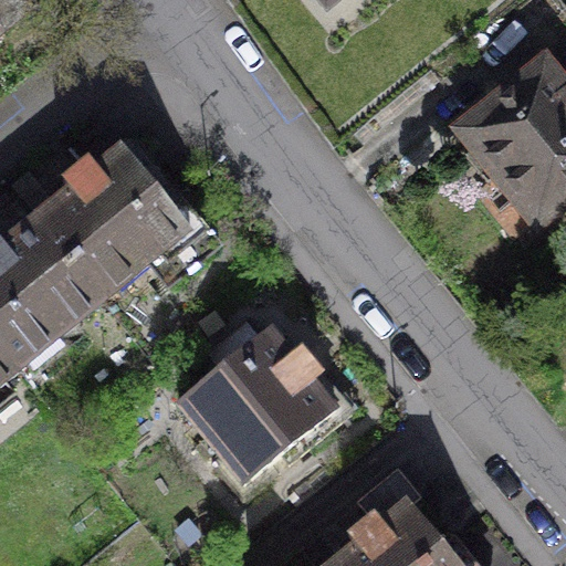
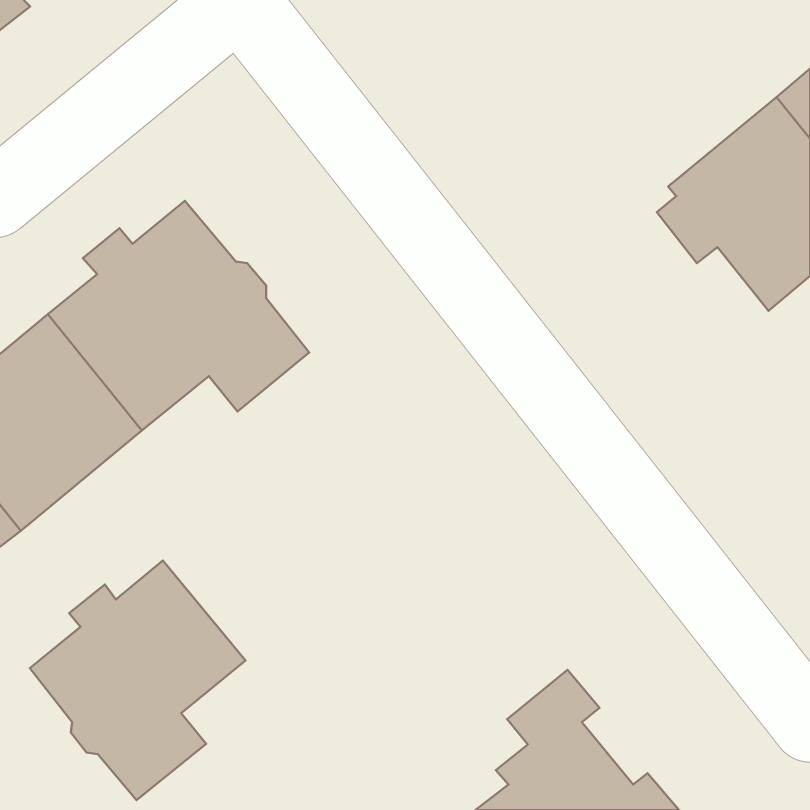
building: [174,328,349,483] -> none
building: none -> [30,560,245,800]

